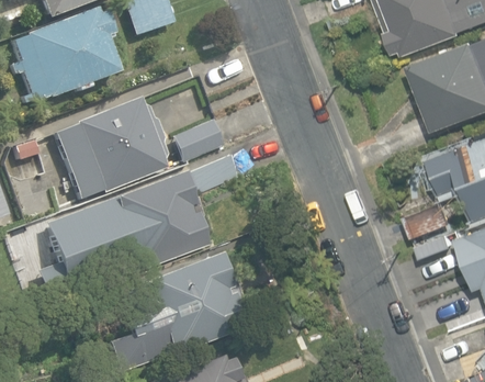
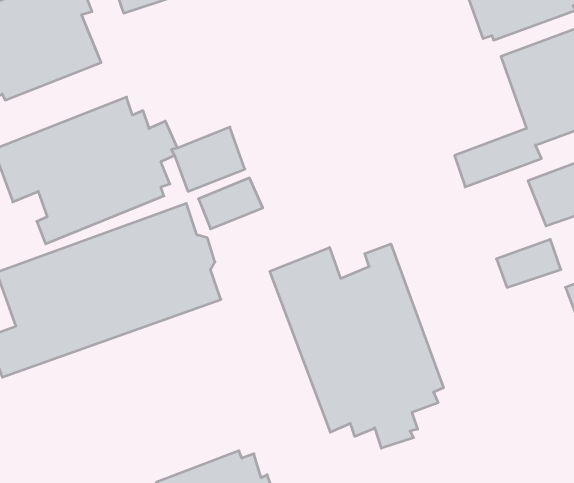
building: none -> [270,244,443,448]
building: [109,252,246,371] -> none

